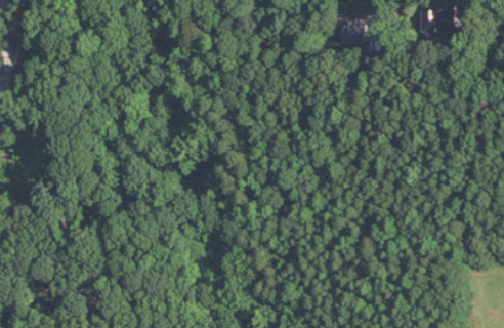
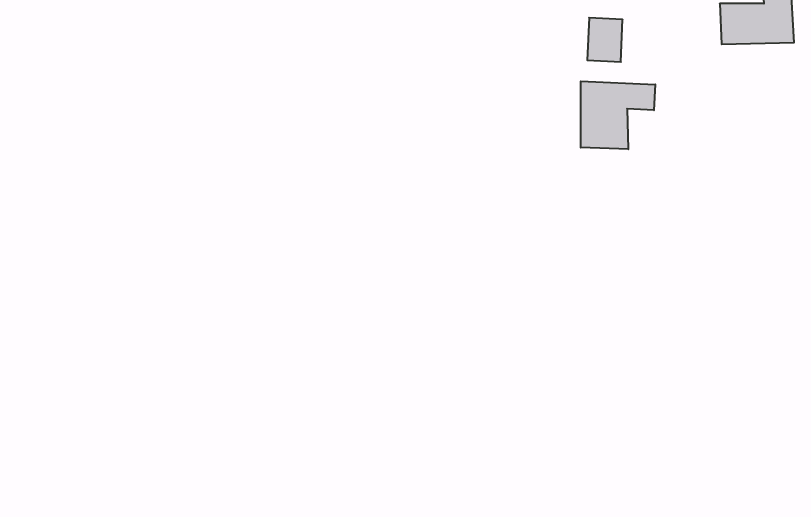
building: none -> [581,81,655,149]

